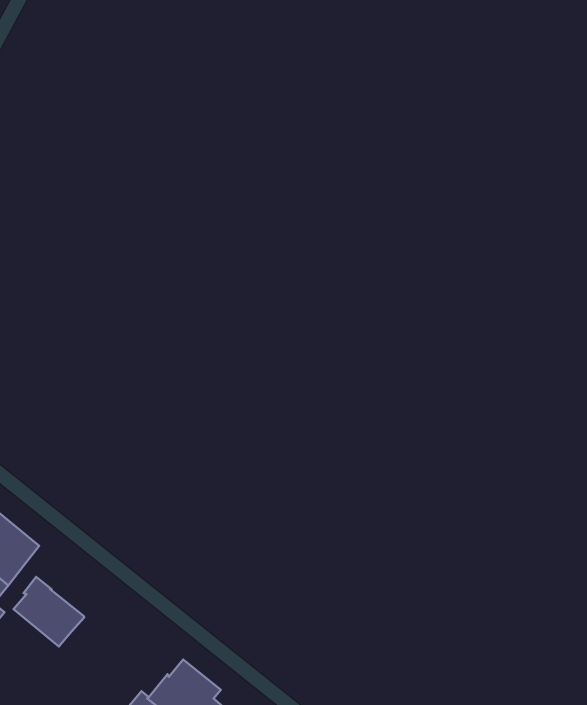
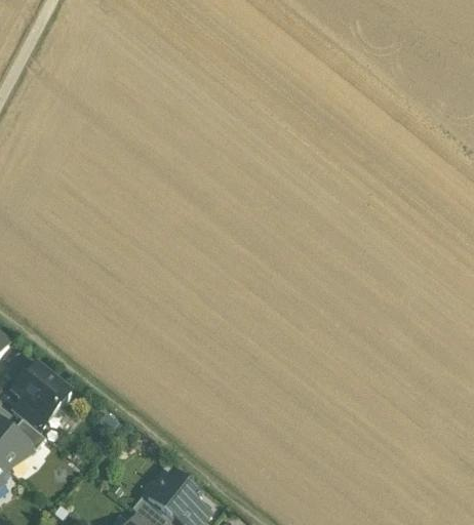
building: [13,577,84,646] -> none

